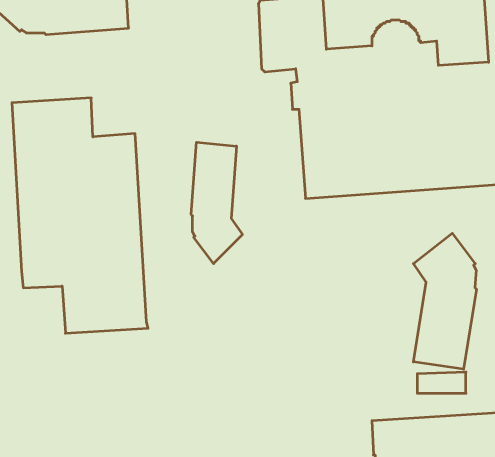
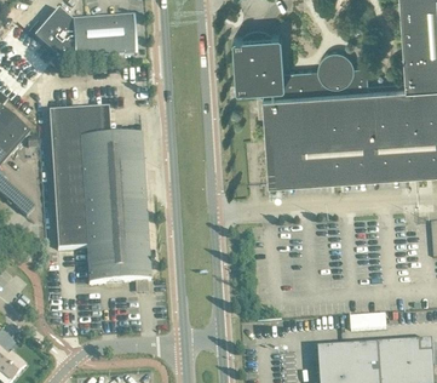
building: [191,142,242,264] -> none
building: [413,233,476,369] -> none

